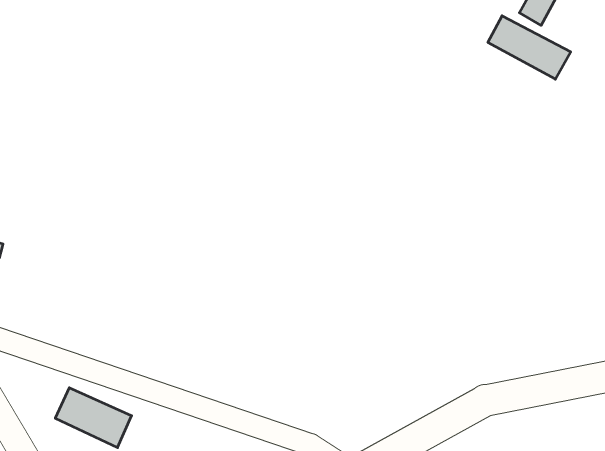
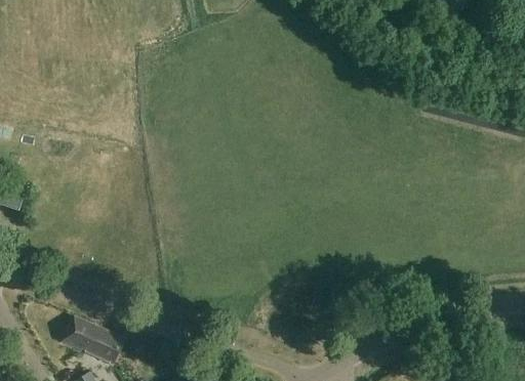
building: [488,16,571,79] -> none

